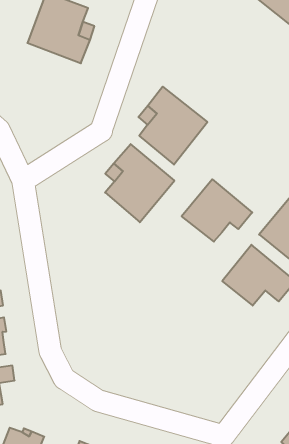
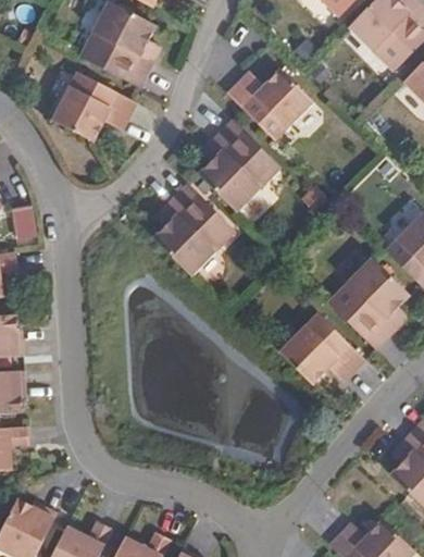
building: none -> [226,69,312,139]
building: none -> [52,71,125,149]
building: [182,179,252,242] -> none

